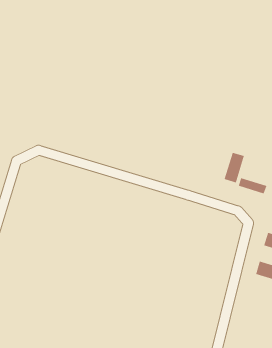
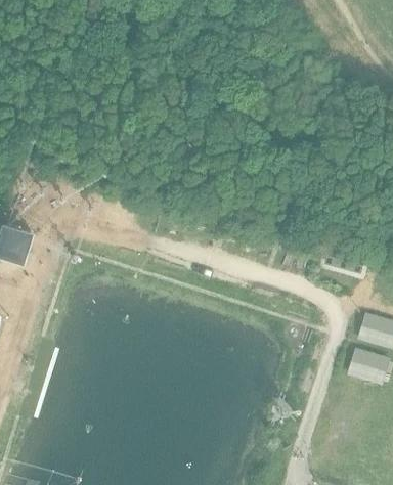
building: [224,152,245,183] -> none

